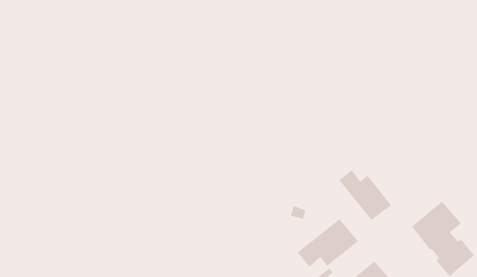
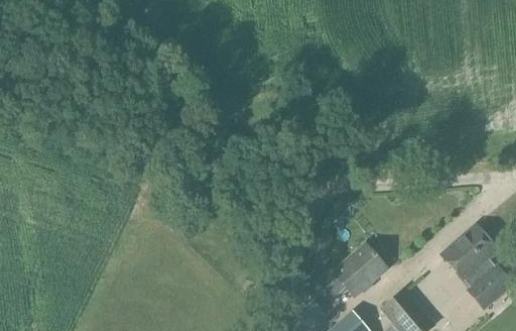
building: [339,170,392,221] -> none

